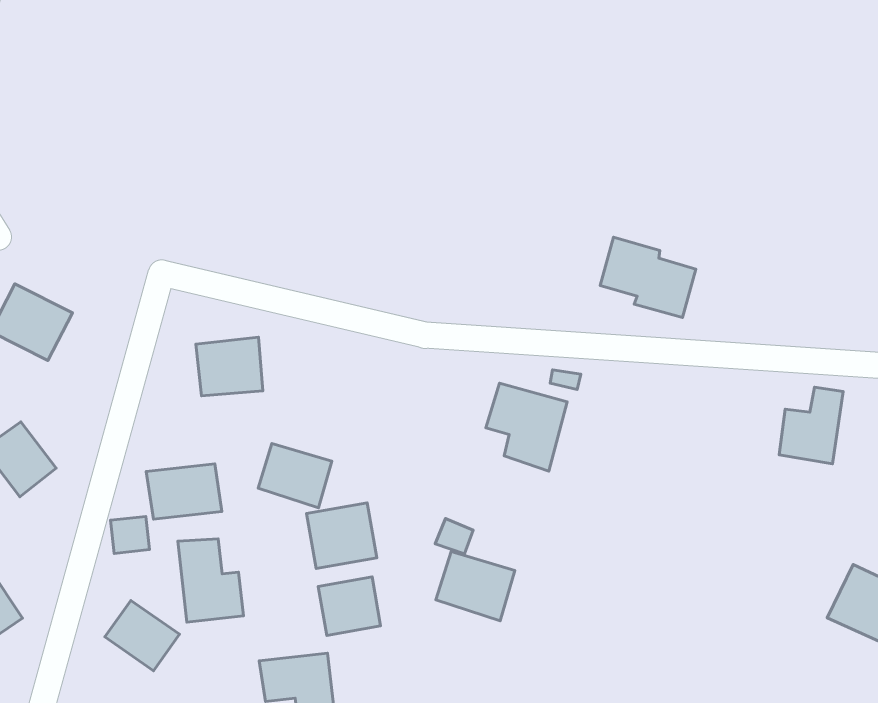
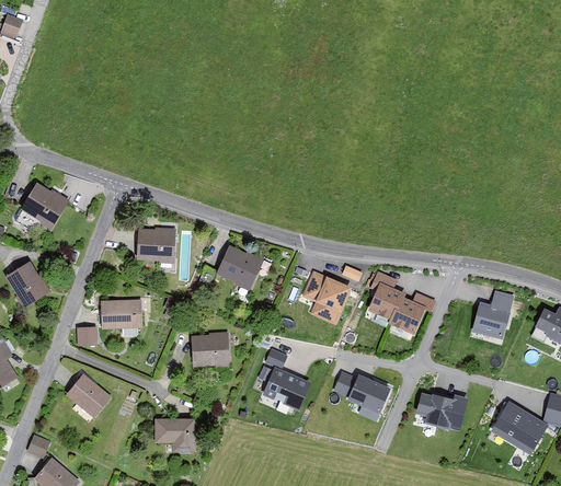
building: [600,237,696,317] -> [369,282,426,334]
building: [258,444,332,508] -> [218,246,263,287]
building: [178,539,243,622] -> none
building: none -> [333,372,392,414]
building: none -> [416,391,469,431]
building: [318,577,381,635] -> none

